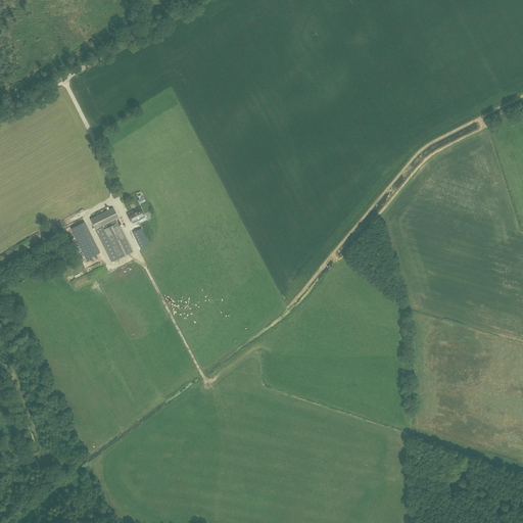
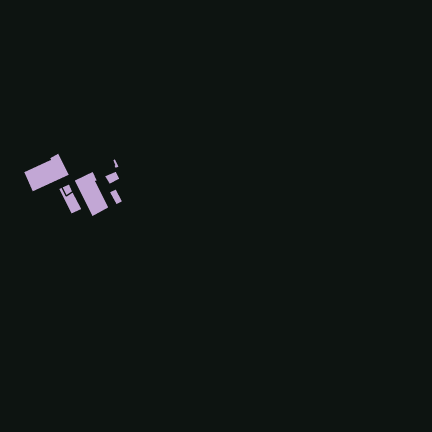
building: none -> [24,153,69,192]

